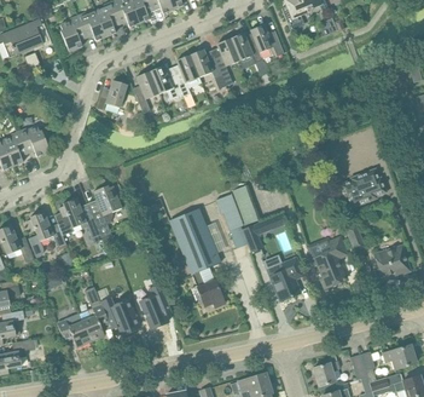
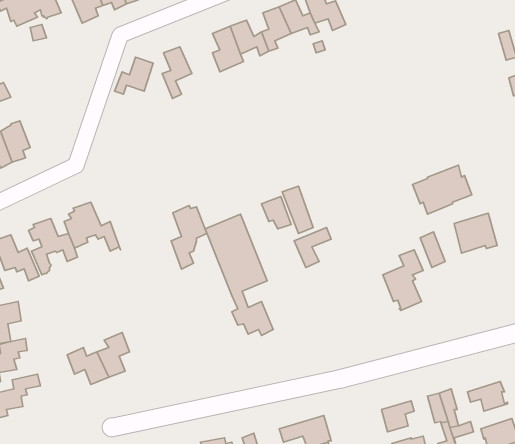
building: [149,64,181,99] -> none
building: [18,125,50,155] -> none
building: [92,184,121,236] -> [171,205,207,269]
building: [374,243,410,276] -> [454,213,497,253]
building: [266,255,303,299] -> none
building: [139,281,170,326] -> none
building: [99,293,137,329] -> none

